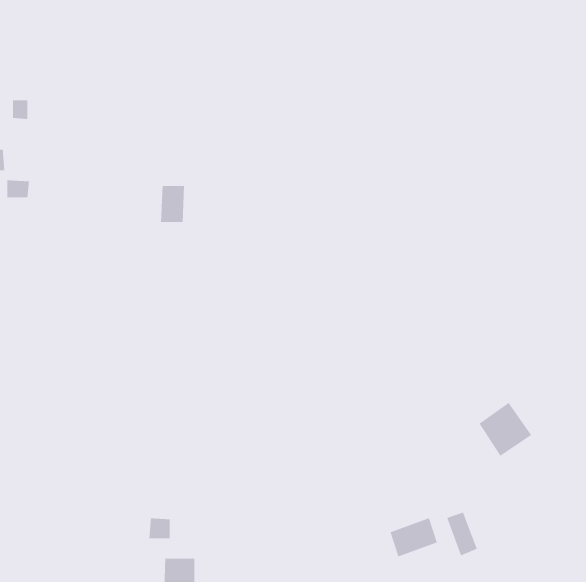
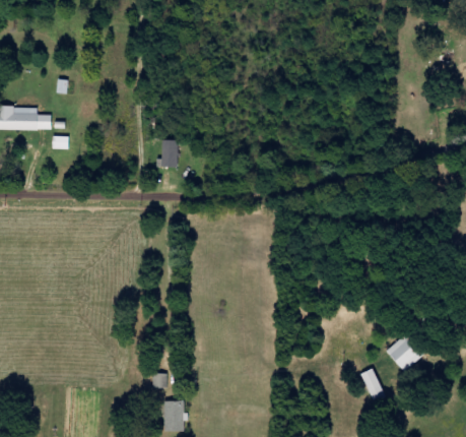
building: [478,402,532,457] -> [386,333,423,372]
building: [389,517,438,558] -> none

